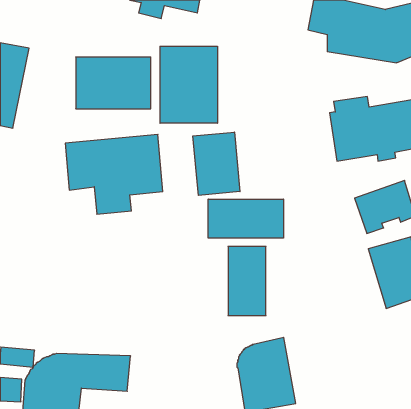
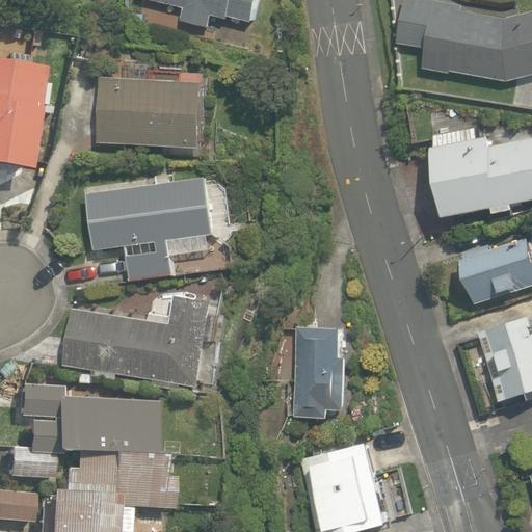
building: [160,46,217,123] -> none
building: [193,132,240,195] -> none
building: [208,199,283,238] -> none
building: none -> [66,294,224,390]
building: none -> [14,394,149,455]

